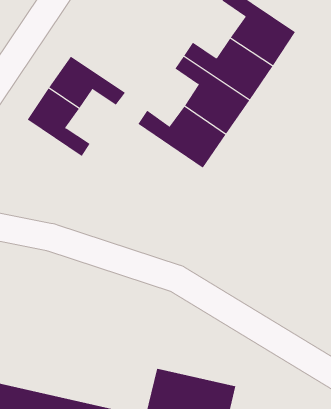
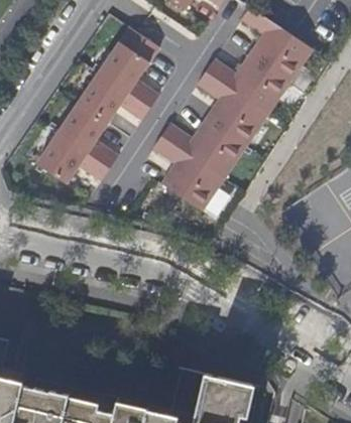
building: none -> [98,26,158,107]
building: none -> [35,132,109,182]
building: none -> [152,136,224,210]

